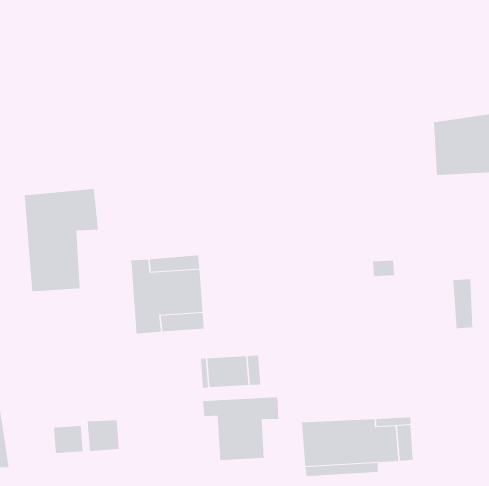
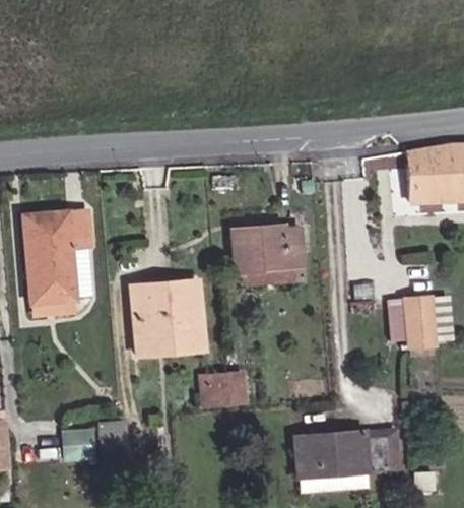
building: none -> [234,230,309,288]
building: none -> [399,300,428,357]
building: [203,396,279,461] -> none

